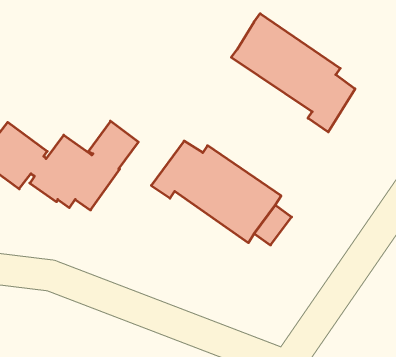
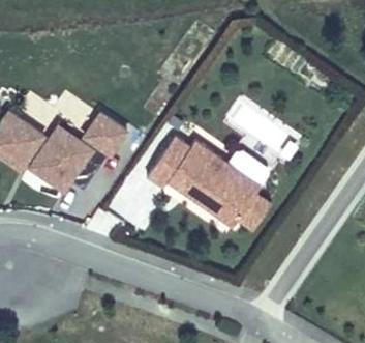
building: [231,14,355,132] -> none

